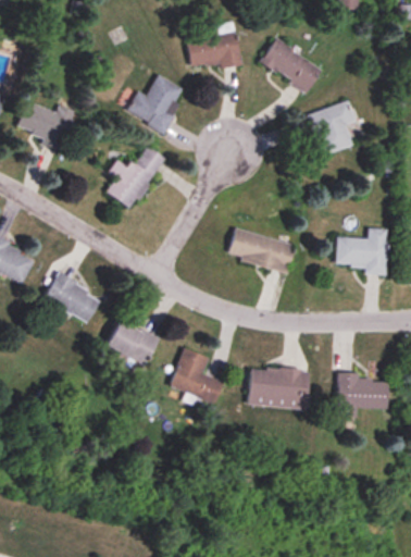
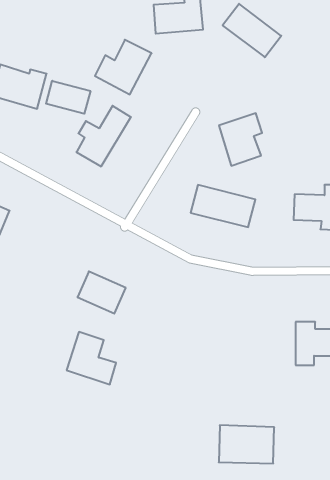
building: [309,100,354,156] -> [219,113,262,166]
building: none -> [46,81,90,114]
building: [43,271,102,323] -> none
building: [170,347,222,403] -> [67,332,116,384]
building: [249,367,308,407] -> [219,425,274,463]

